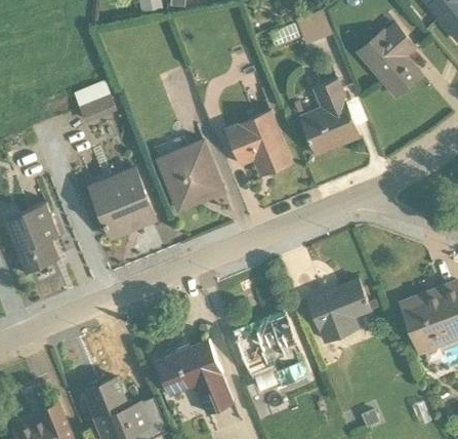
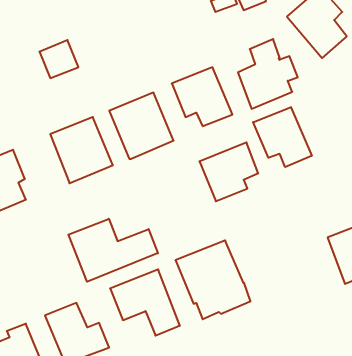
building: none -> [253,107,312,167]
building: [305,276,372,343] -> [199,142,258,201]
building: none -> [68,219,158,282]

